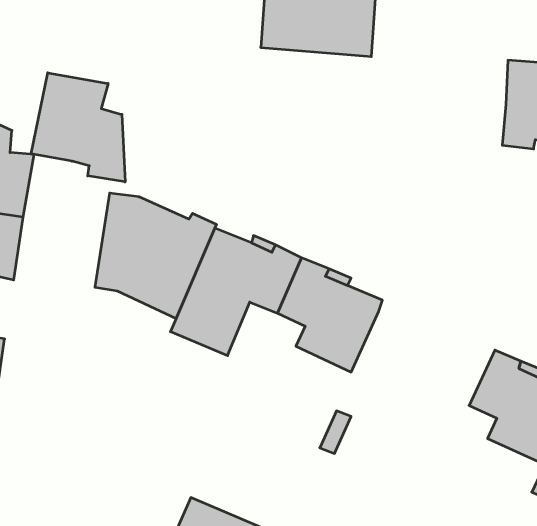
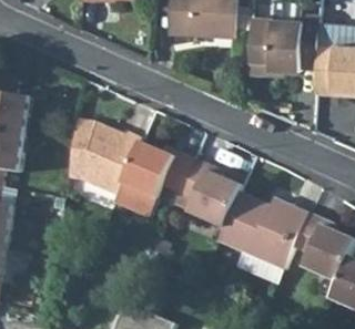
building: none -> [247,13,317,70]
building: [31,73,125,182] -> none
building: none -> [215,192,307,271]

